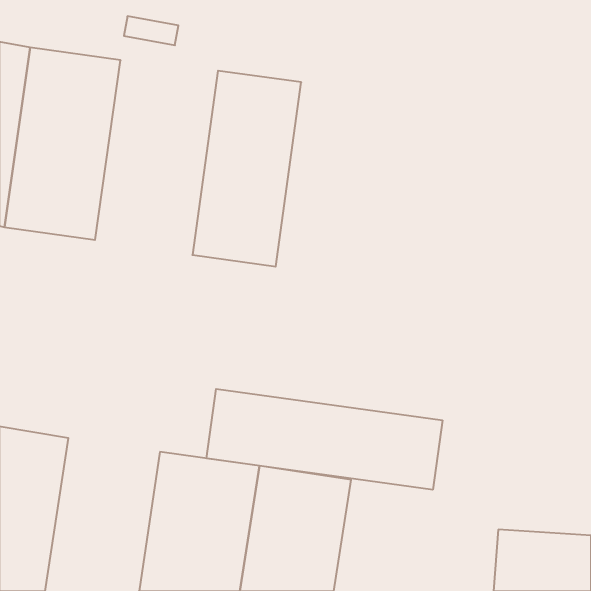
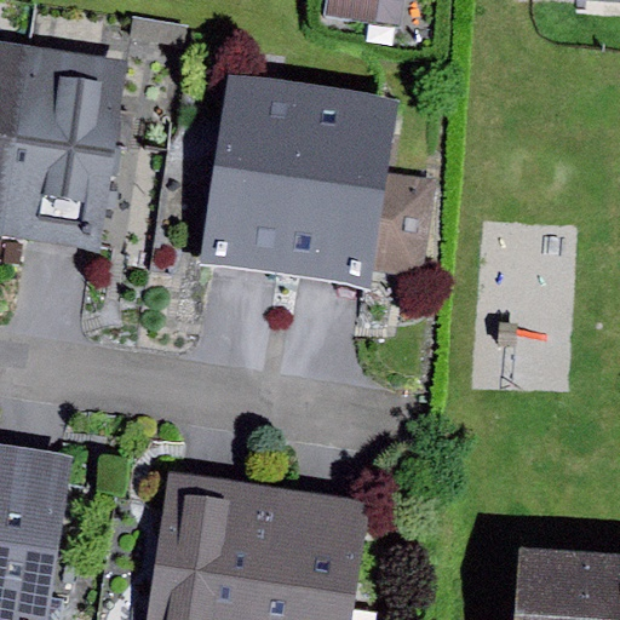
building: none -> [288,86,435,289]
building: [207,389,442,490] -> none

